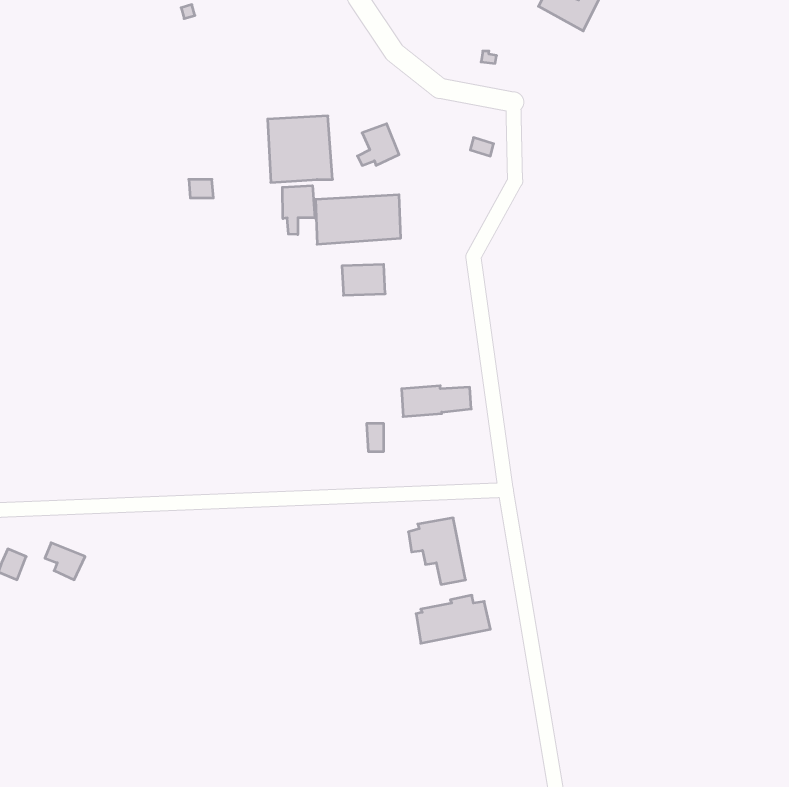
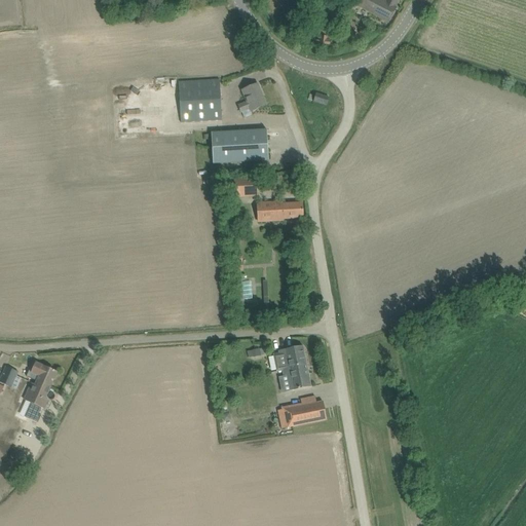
building: [282,186,315,235] -> none
building: [402,386,471,417] -> [256,200,302,221]
building: none -> [24,379,49,412]

